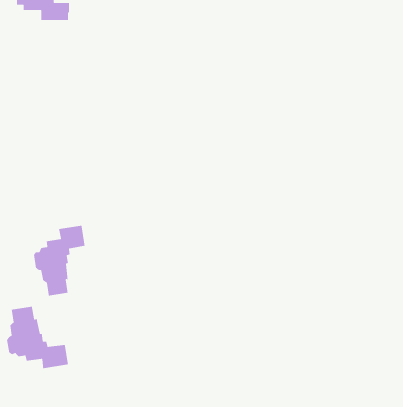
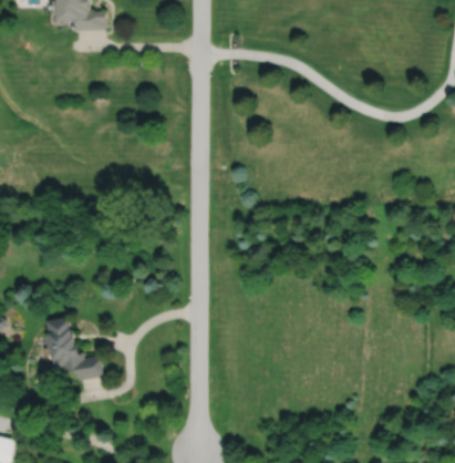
building: [33,225,86,296] -> none

